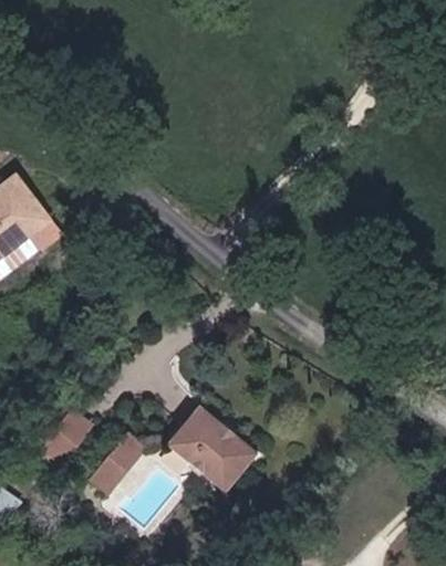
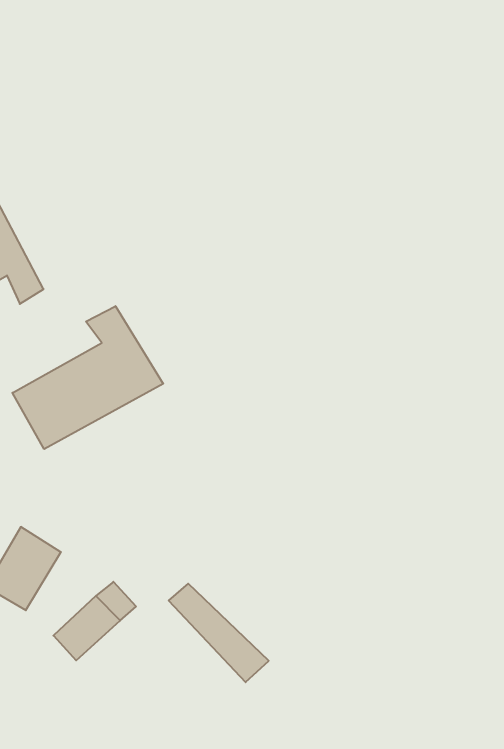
building: none -> [12,306,163,449]
building: [179,407,260,479] -> none

